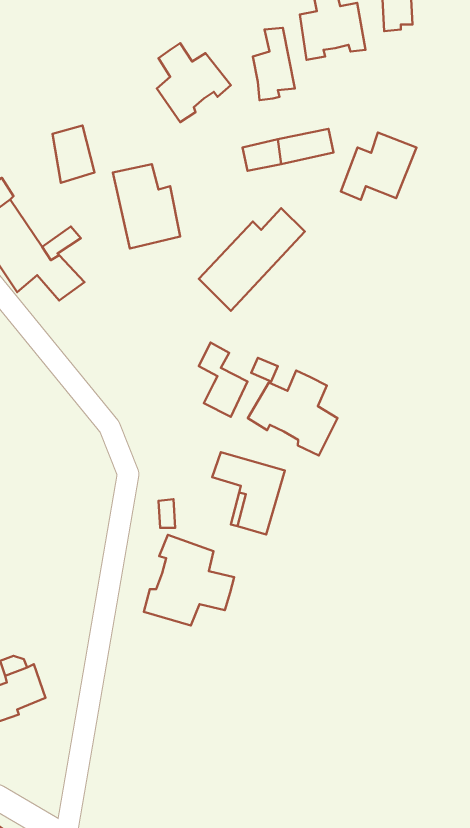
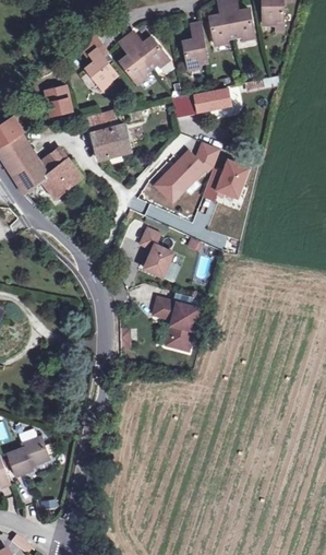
building: none -> [86,45,116,92]
building: [341,132,416,200] -> [194,158,243,202]
building: none -> [53,160,84,188]
building: [248,370,338,455] -> none
building: [144,535,234,626] -> none

